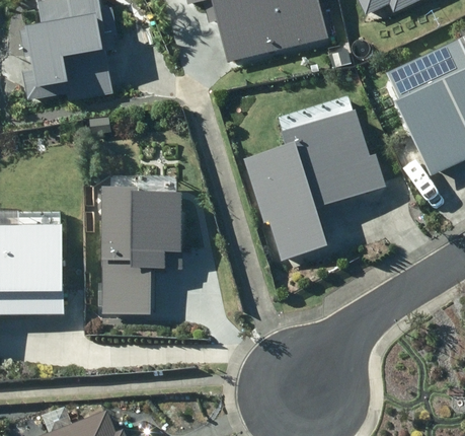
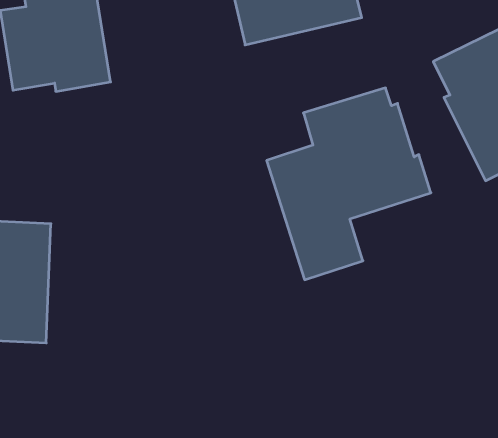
building: [92,190,183,313] -> none

